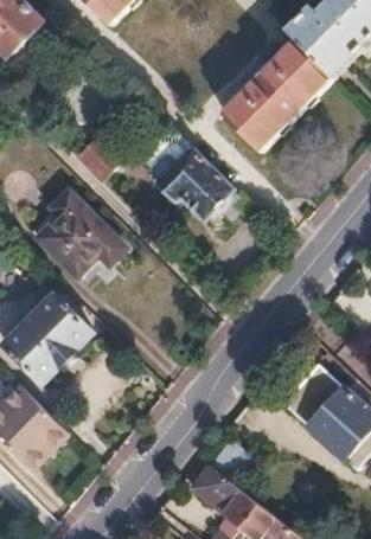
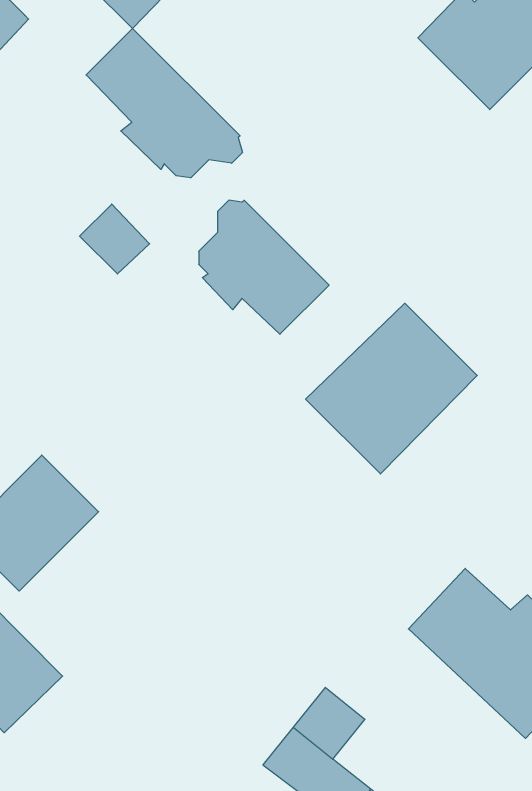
building: none -> [86,28,242,178]
building: [220,38,333,152] -> none
building: [34,188,121,272] -> none
building: none -> [306,303,477,474]

